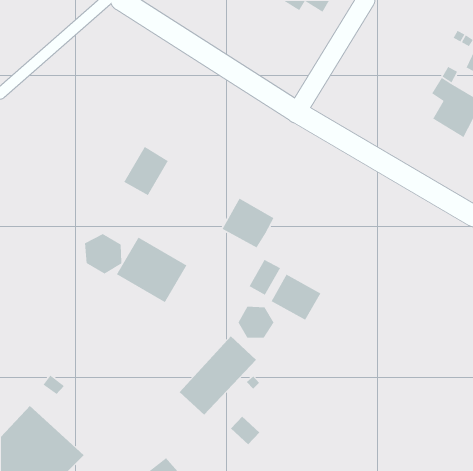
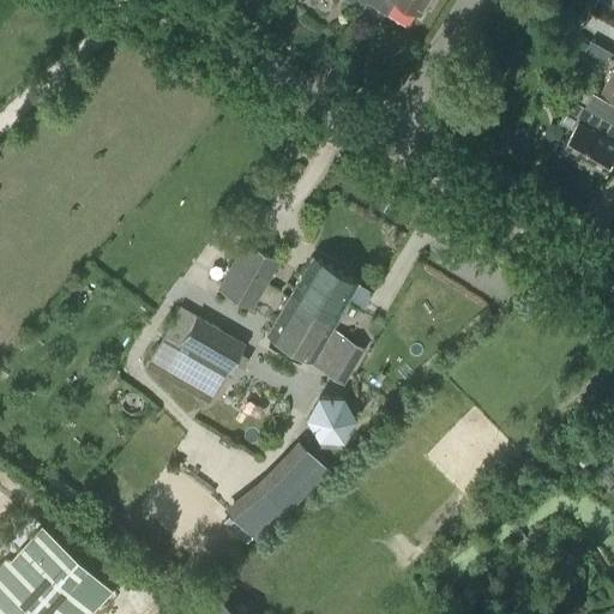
building: [123,146,169,196] -> [218,246,277,311]
building: [84,233,122,275] -> none
building: [270,274,321,321] -> [267,300,333,361]
building: [230,416,260,445] -> none

